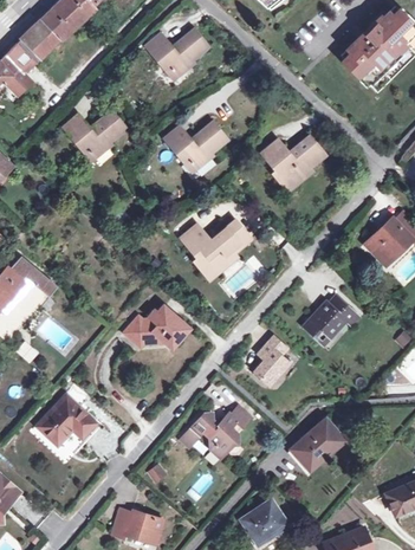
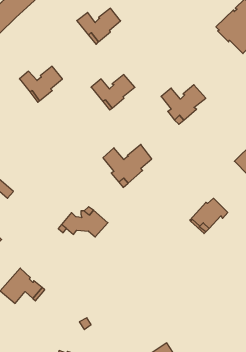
building: [254,337,286,383] -> none
building: [180,406,251,458] -> none
building: [291,419,343,468] -> none

